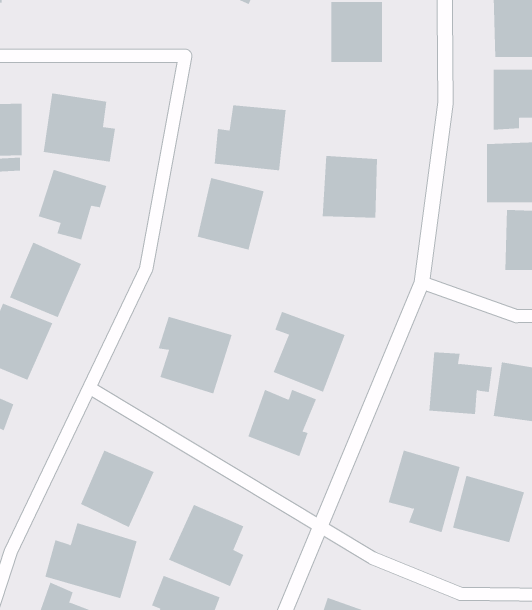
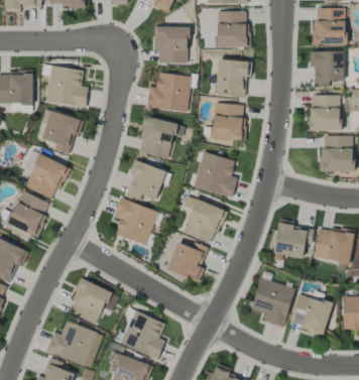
building: none -> [156,26,189,64]
building: none -> [216,59,252,97]
building: none -> [194,152,237,198]
building: none -> [125,161,166,200]

